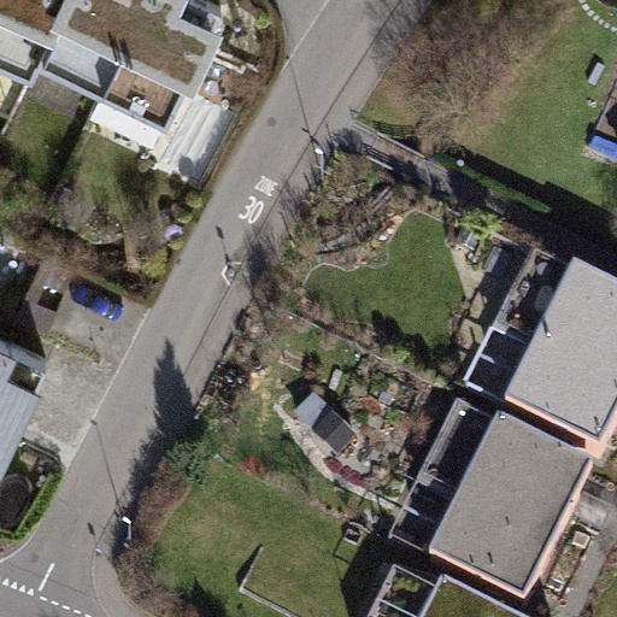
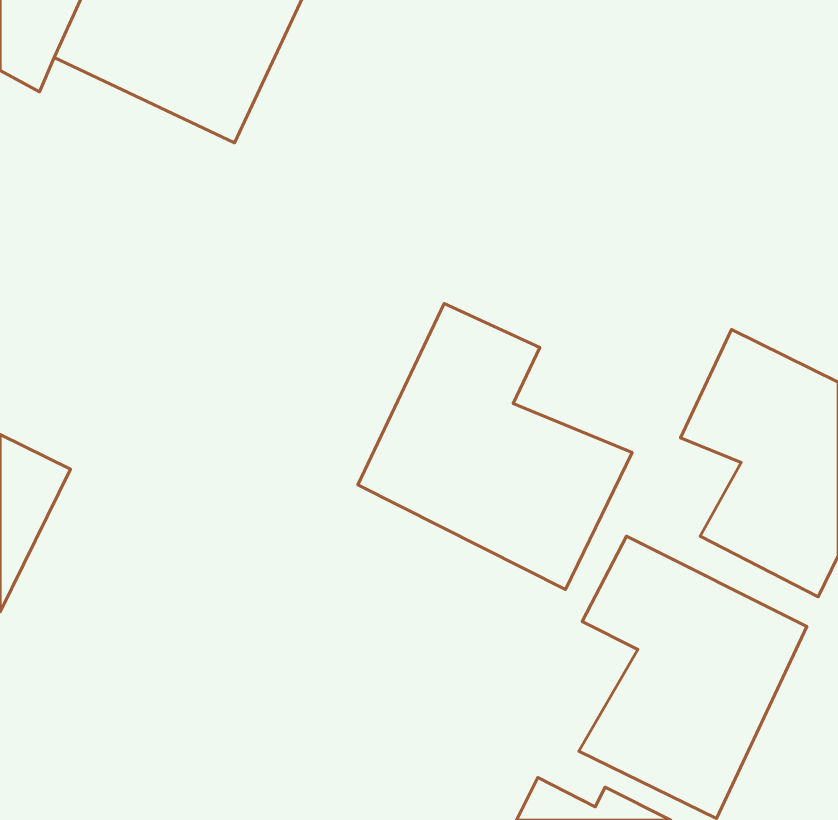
building: none -> [358,304,632,590]

